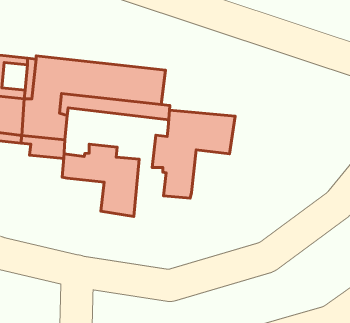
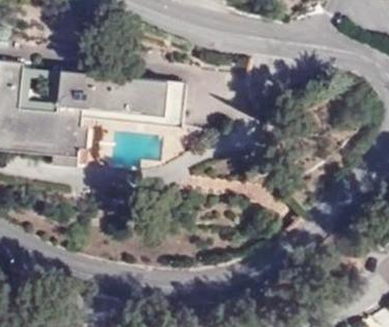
building: [152,110,235,198] -> none
building: [62,144,139,217] -> none

